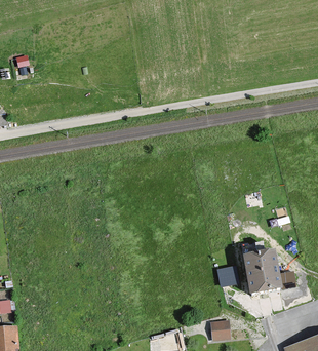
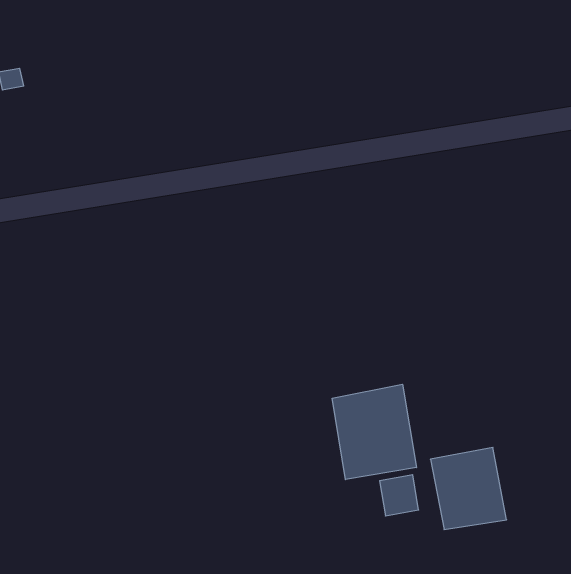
building: none -> [332,384,416,480]

